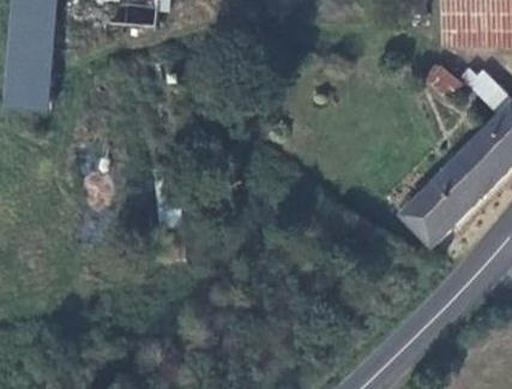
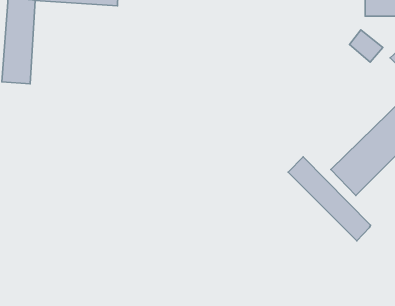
building: none -> [288,157,371,241]

